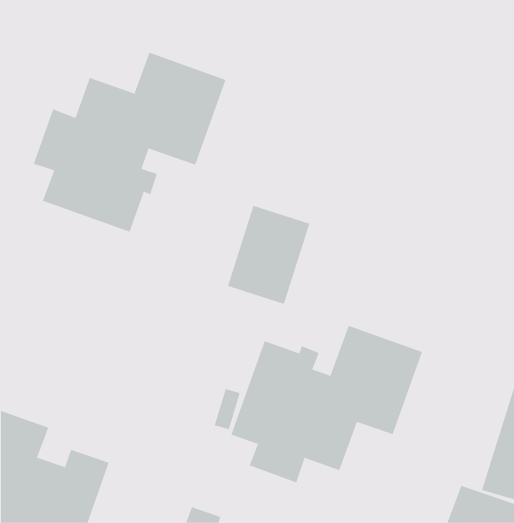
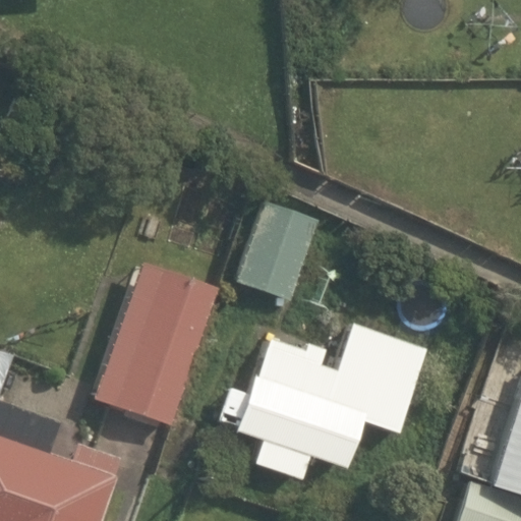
building: [33,52,226,232] -> none
building: none -> [92,263,219,427]

